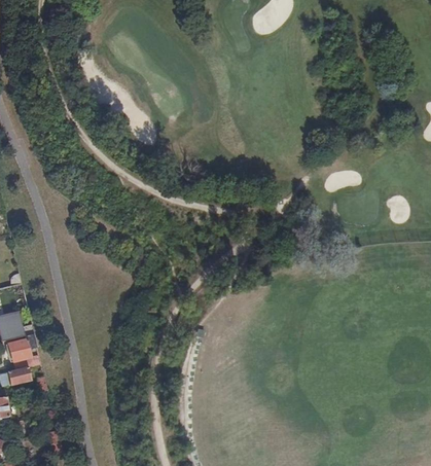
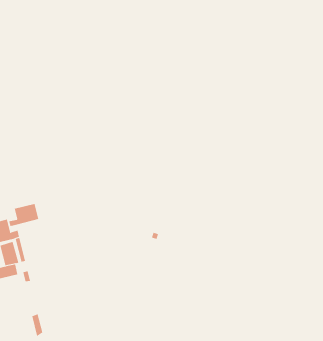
building: none -> [8,203,39,227]

